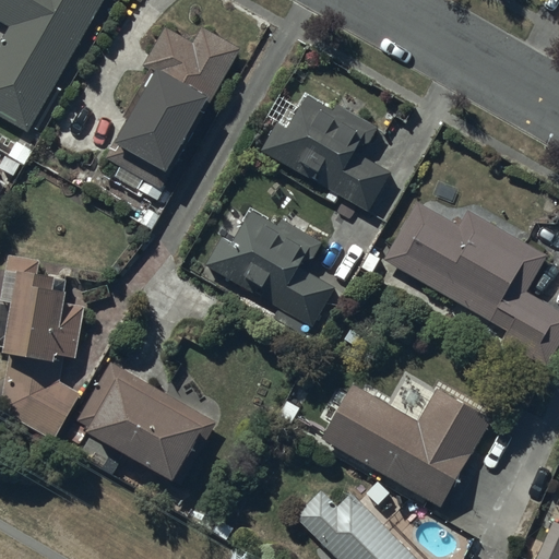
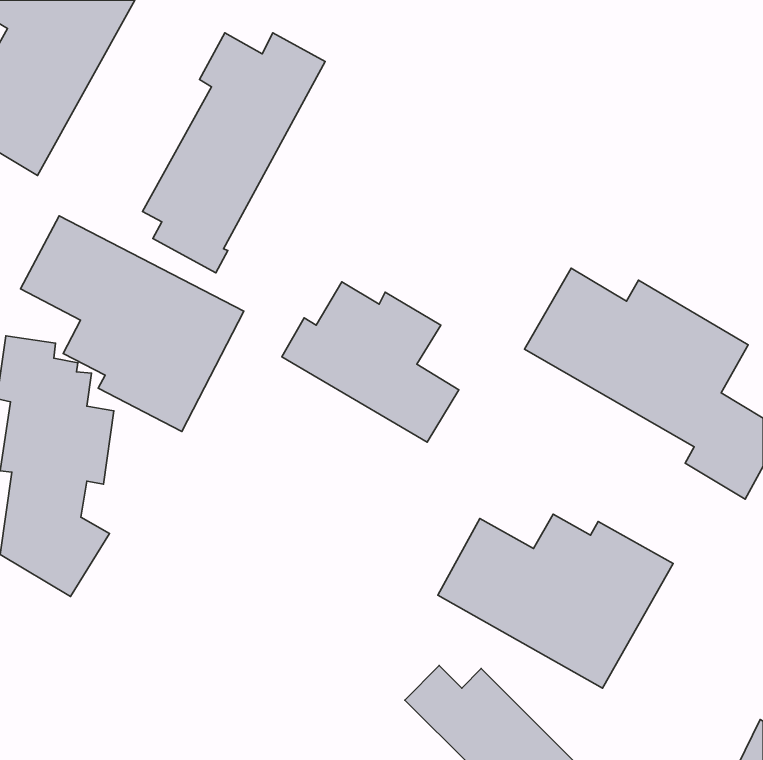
building: [262,95,389,210] -> none
building: none -> [20,216,244,432]
building: [74,360,215,484] -> none

